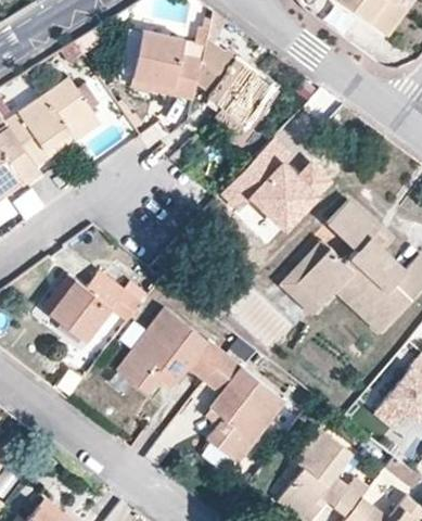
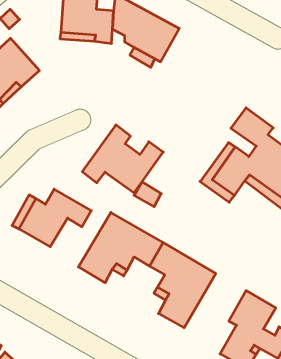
building: [225,140,328,227] -> [82,125,163,193]

